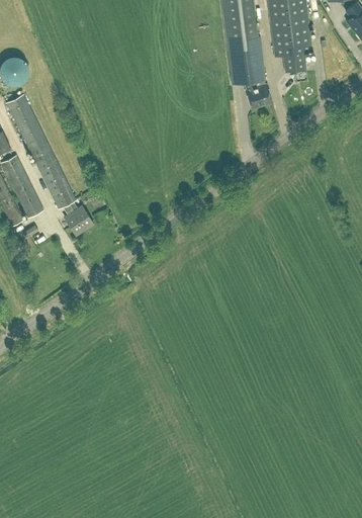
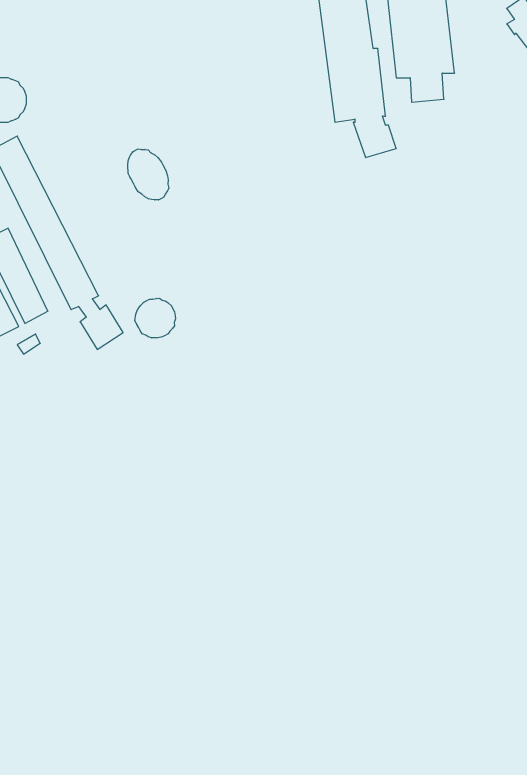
building: none -> [128,149,169,200]
building: none -> [135,298,175,338]

